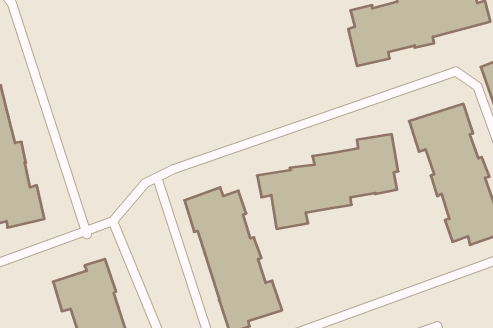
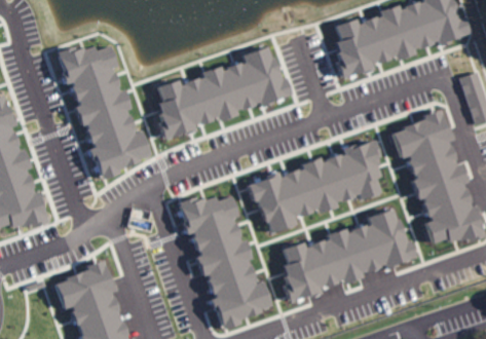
building: none -> [57,45,151,180]
building: none -> [157,45,292,135]
building: none -> [284,211,415,300]

